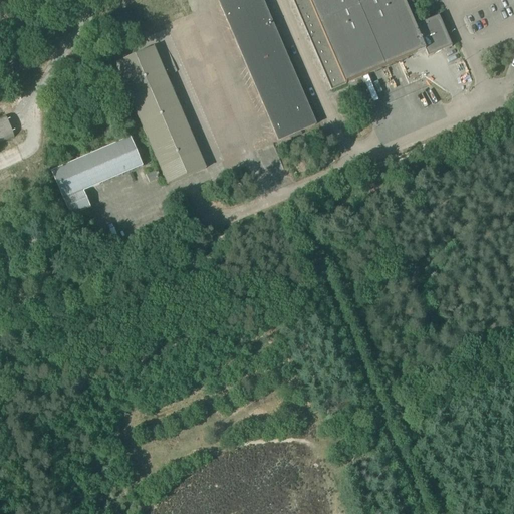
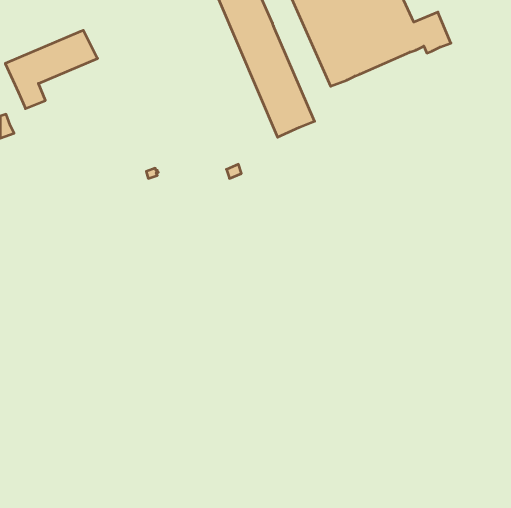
building: [115,44,207,182] -> none
building: [51,135,144,213] -> [5,30,98,109]

